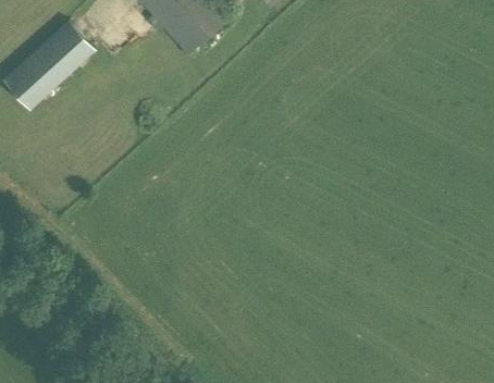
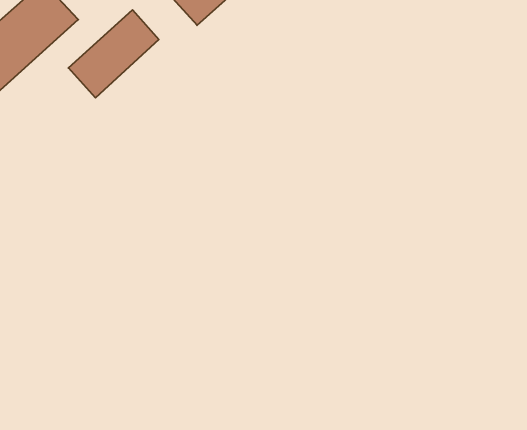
building: none -> [68,10,159,98]

